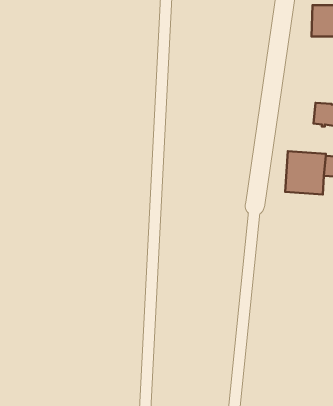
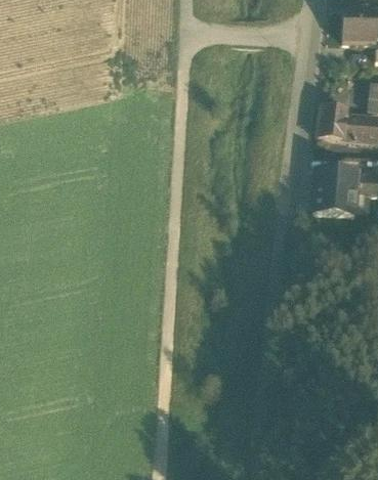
building: none -> [320,103,349,137]

